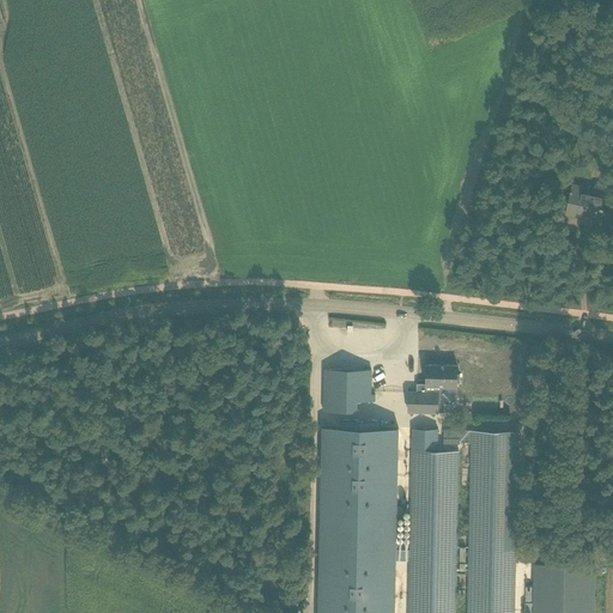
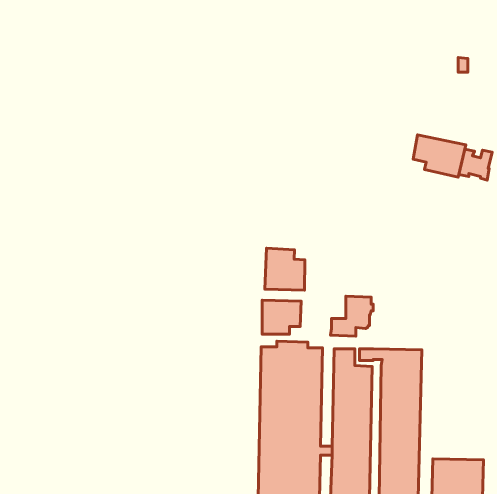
building: none -> [413,135,466,177]
building: none -> [265,248,305,290]

